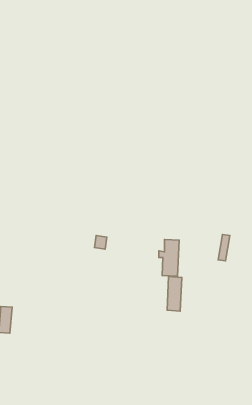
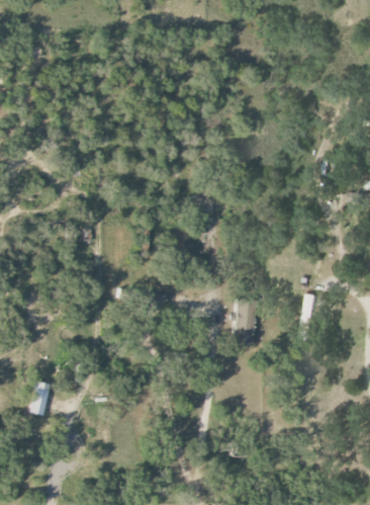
building: [167,276,182,311] -> none

